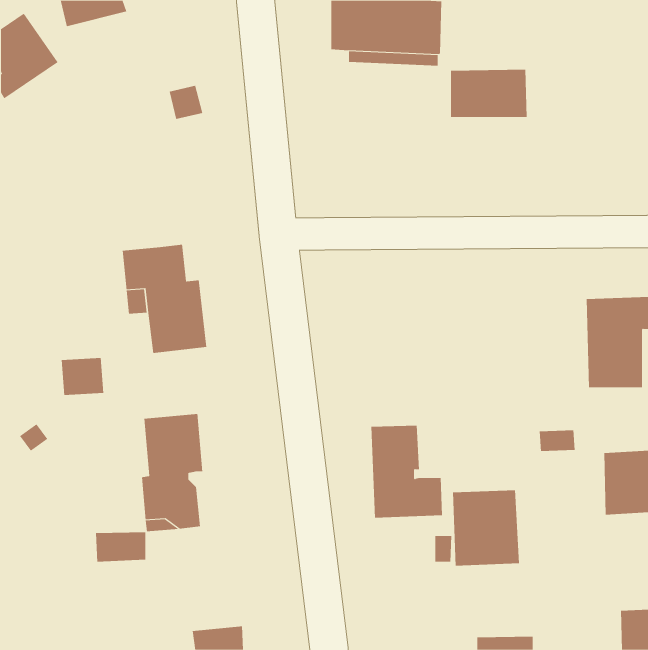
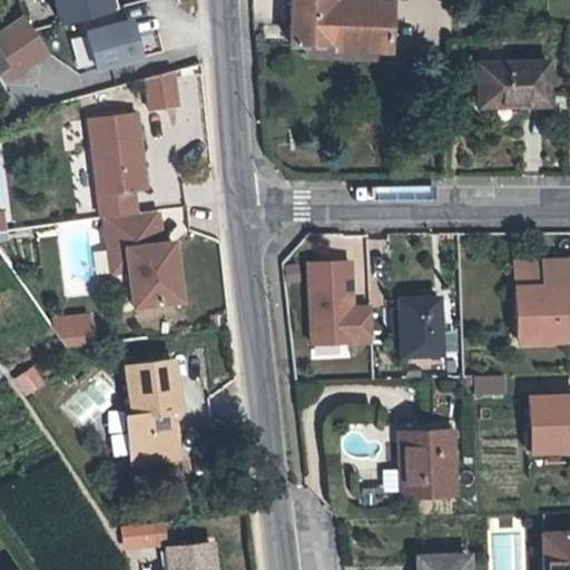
building: none -> [87,22,141,73]
building: [450,69,528,118] -> [479,61,547,104]
building: none -> [94,111,151,219]
building: none -> [399,296,441,354]
building: [370,425,443,518] -> [308,262,372,343]
building: [95,532,146,562] -> [120,522,165,549]

